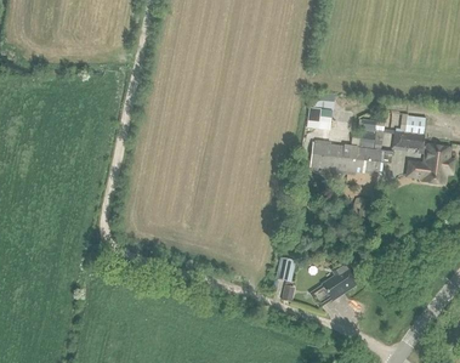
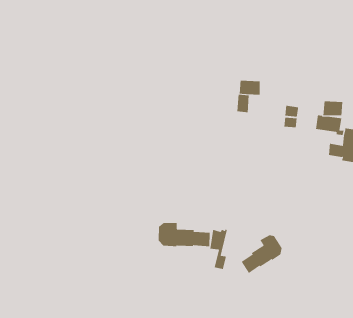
building: [311,142,381,174] -> none
building: none -> [158,222,210,247]

